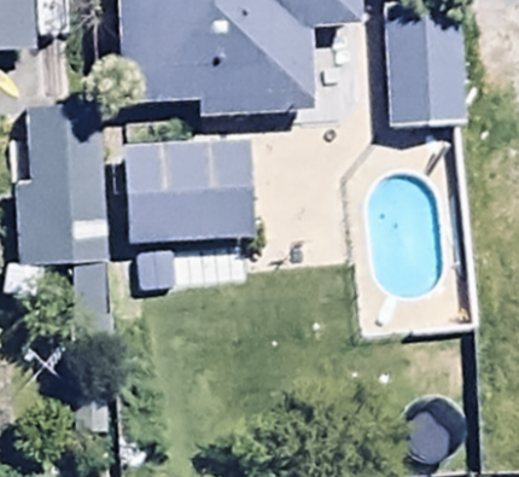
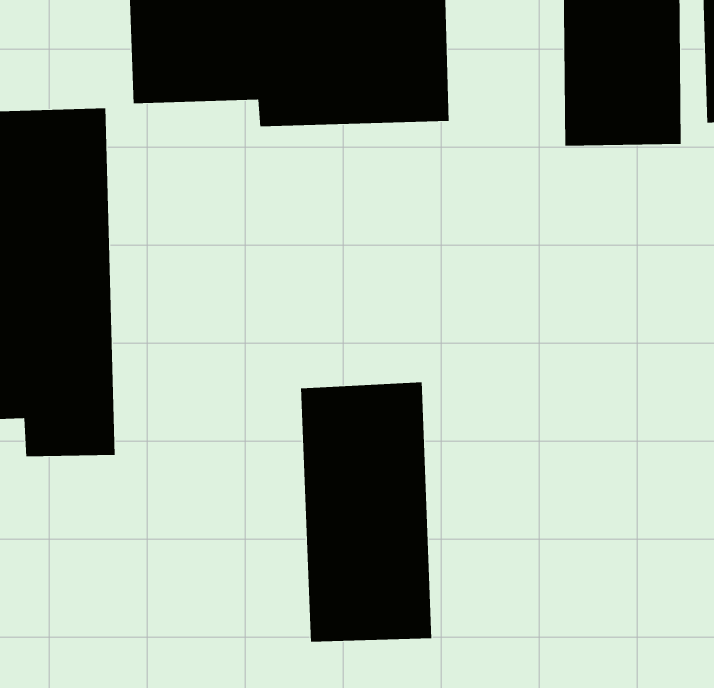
building: [127,142,256,242] -> none
building: none -> [301,382,432,643]

